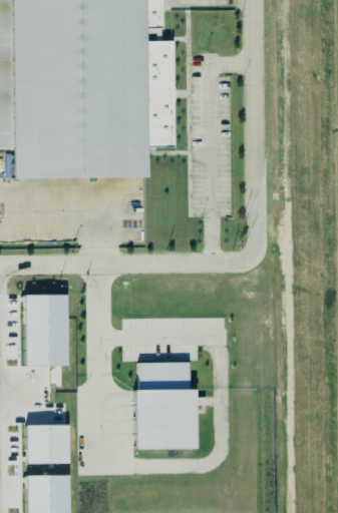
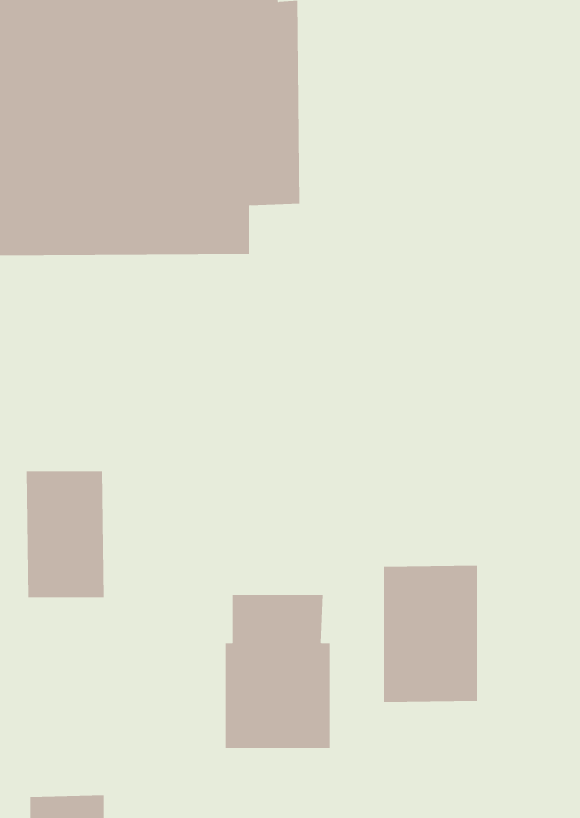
building: none -> [383,565,478,703]
building: [27,425,69,464] -> none

